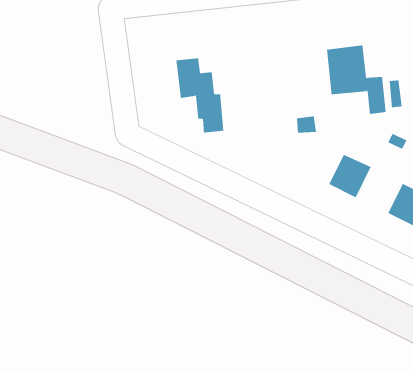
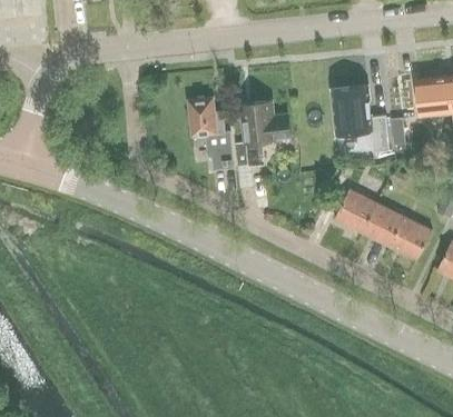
building: none -> [236,100,288,166]
building: none -> [361,201,405,246]

